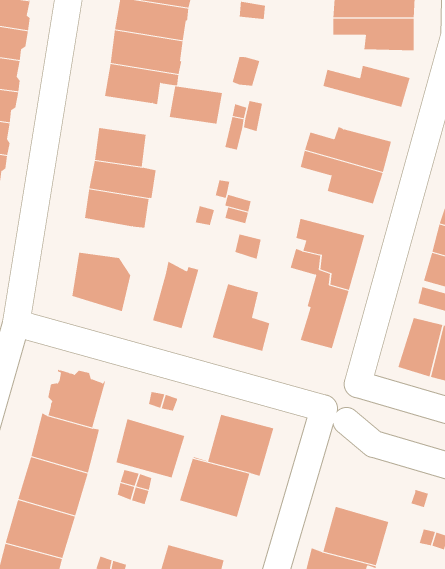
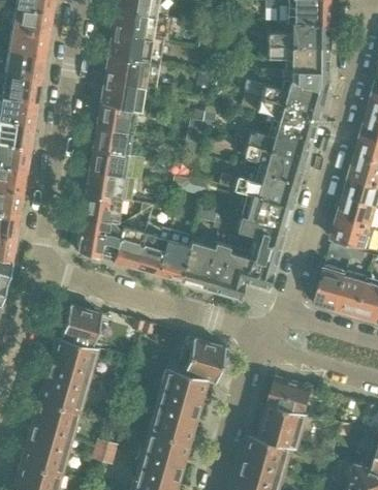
building: none -> [260,70,326,91]
building: [169,86,223,124] -> [96,104,135,132]
building: none -> [255,97,317,137]
building: none -> [232,174,296,206]
building: none -> [82,193,121,223]
building: none -> [114,226,145,268]
building: none -> [157,231,191,280]
building: none -> [209,243,250,298]
building: [116,419,185,478] -> [147,399,197,442]
building: none -> [269,377,312,415]

